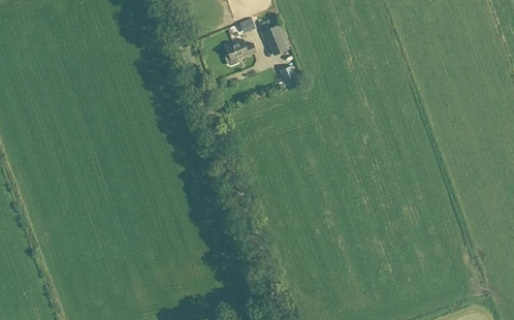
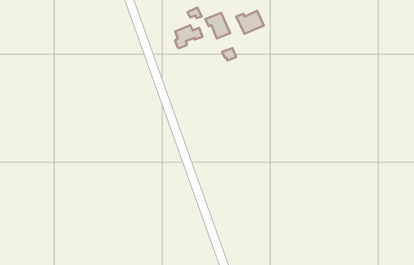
building: none -> [236,11,264,34]

